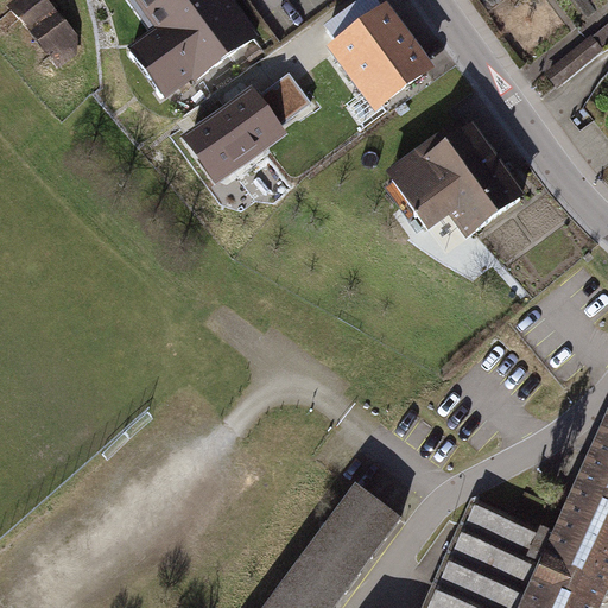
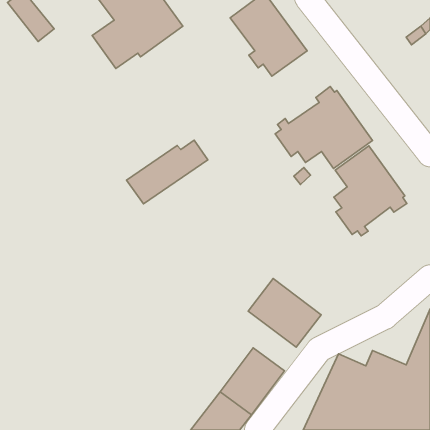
building: [188,81,302,170] -> [127,140,208,204]
building: none -> [334,146,407,236]
building: none -> [248,279,321,347]

